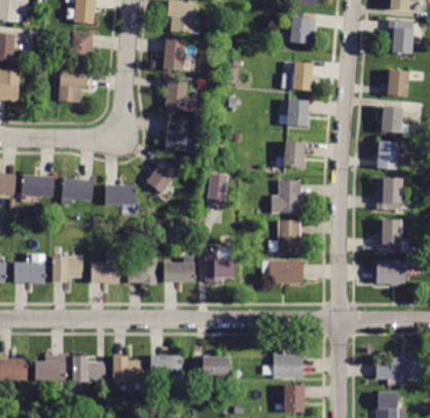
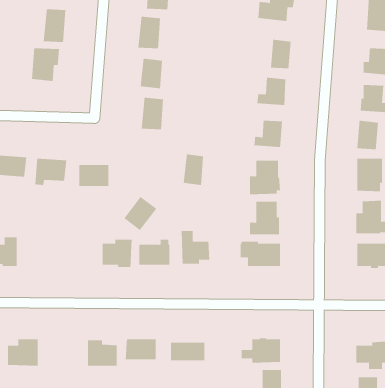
building: [146,160,179,194] -> [123,196,157,231]
building: [52,255,83,283] -> none
building: [92,263,119,283] -> none
building: [73,356,105,383] -> none

